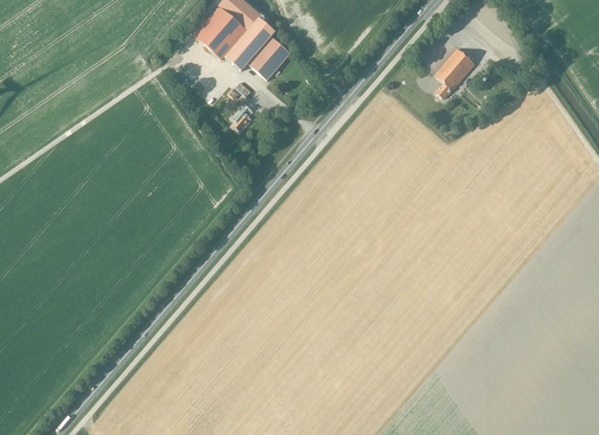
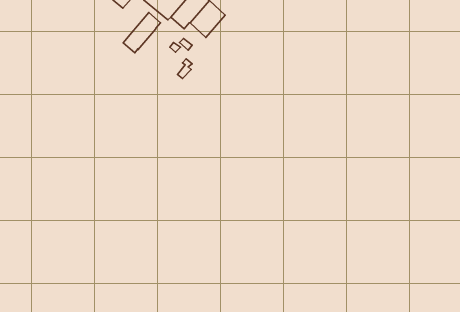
building: [434,49,474,98] -> none
building: none -> [123,13,161,53]

